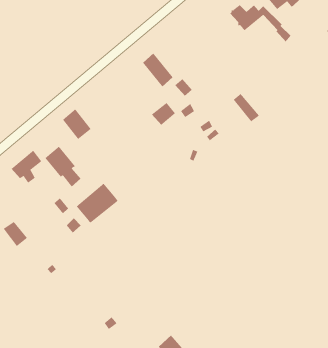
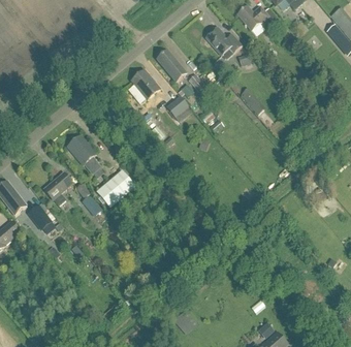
building: none -> [205,27,242,55]
building: [62,109,91,140] -> [131,70,158,99]
building: [11,150,42,183] -> [43,171,72,202]

